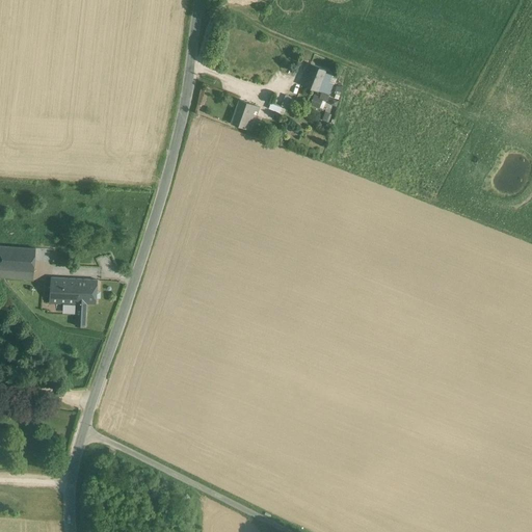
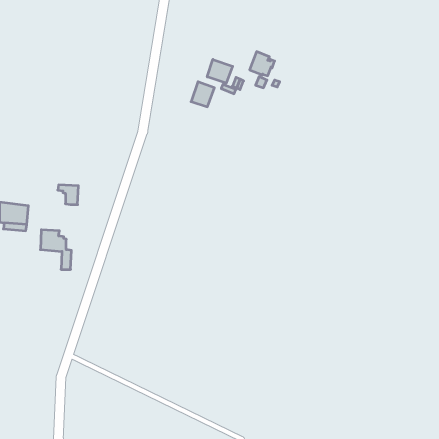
building: none -> [207,59,233,83]
building: [71,278,96,302] -> [58,185,78,205]

